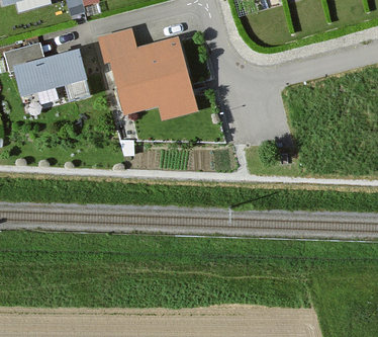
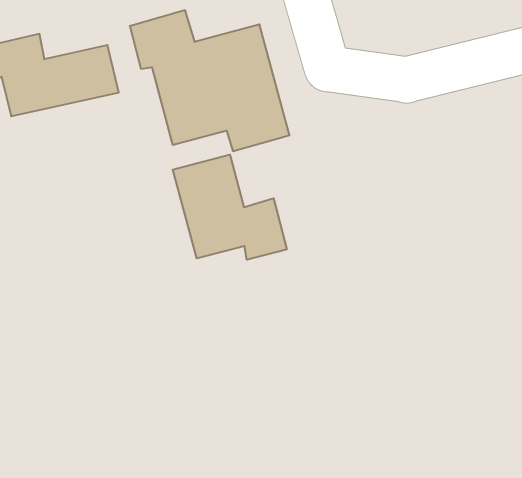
building: none -> [173,155,287,260]

